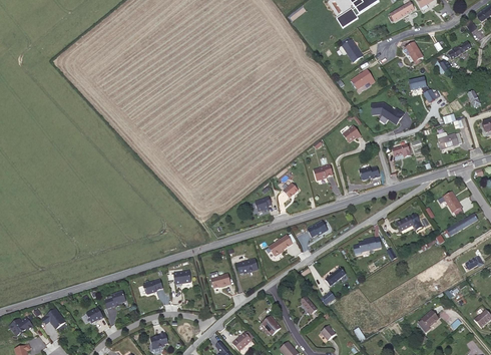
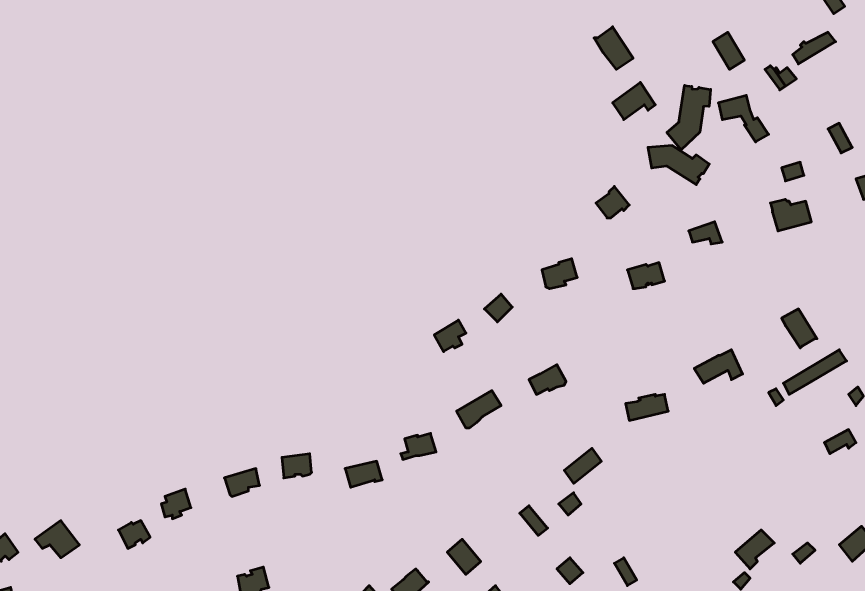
building: none -> [667,85,711,150]

